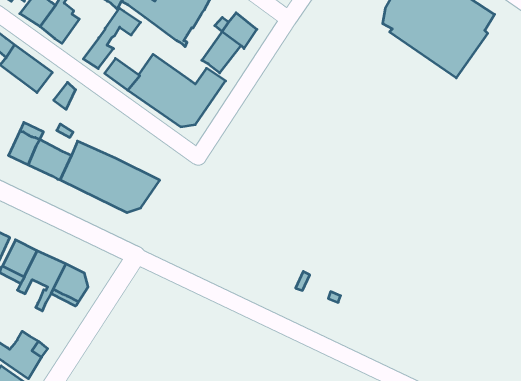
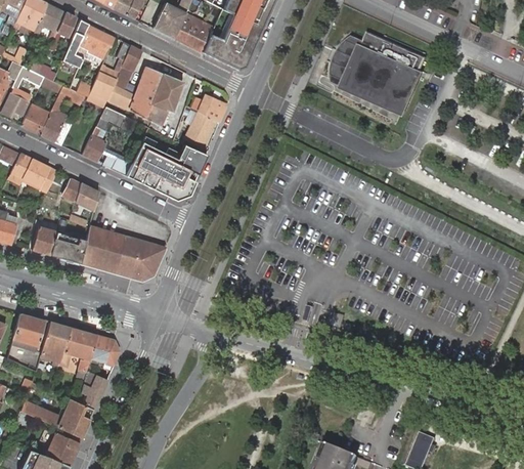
building: none -> [74,183,98,211]
building: none -> [79,371,106,409]

